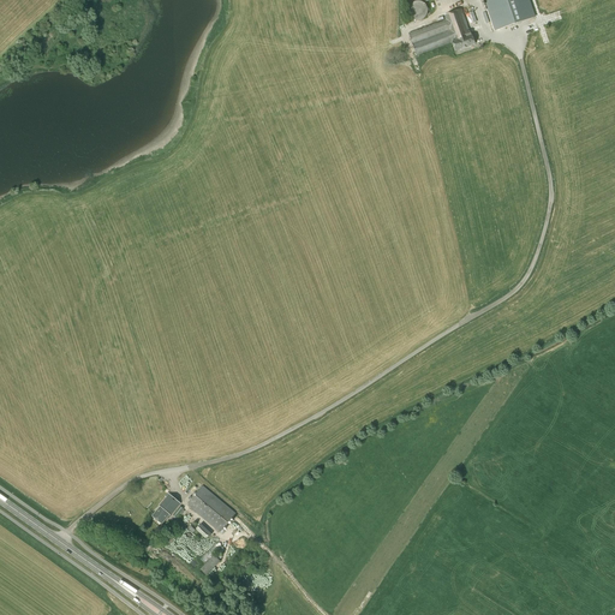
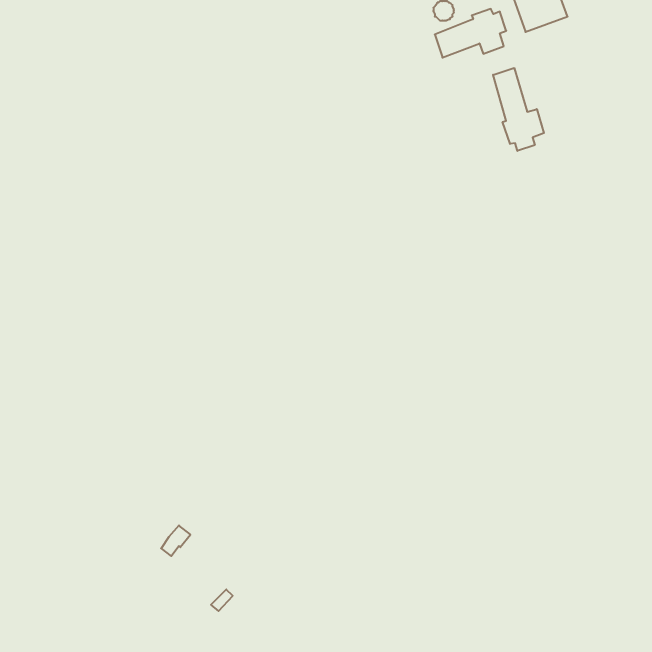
building: none -> [493,68,544,151]
building: [185,484,234,531] -> none

